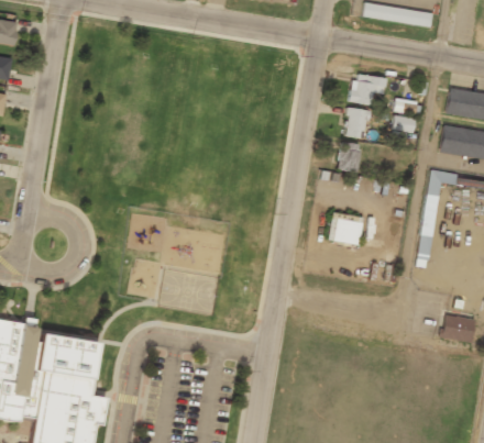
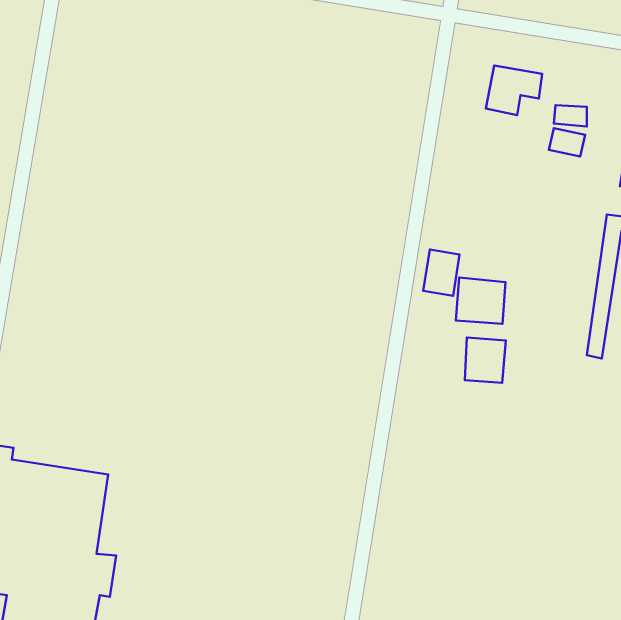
building: [347,108,369,139] -> none
building: [338,142,362,173] -> [423,250,460,296]
building: none -> [465,338,506,383]

